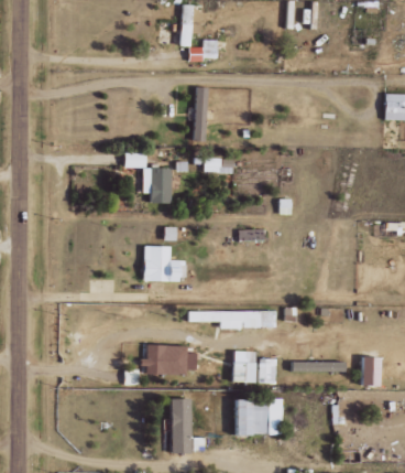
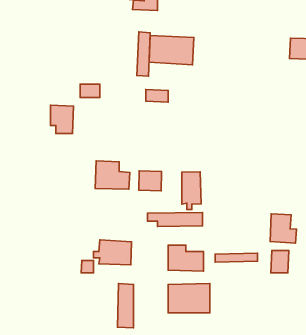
building: none -> [149,36,194,65]
building: [143,168,172,203] -> [50,105,73,134]
building: none -> [139,171,161,191]
building: none -> [182,172,201,210]
building: none -> [270,214,296,243]

